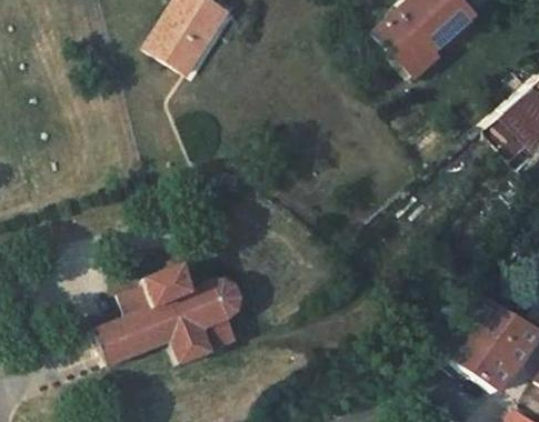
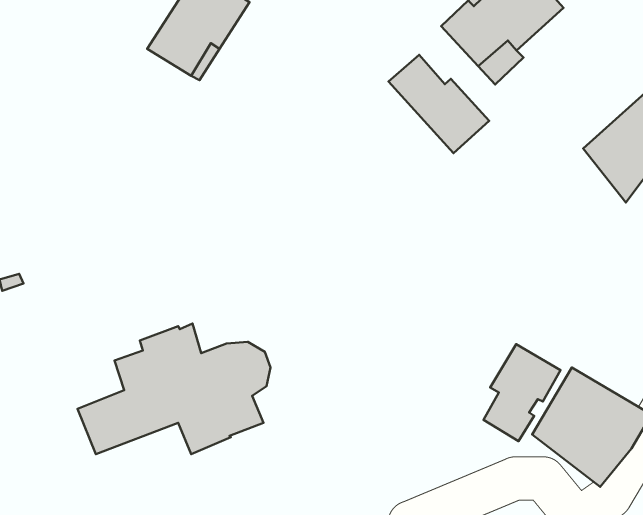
building: none -> [388,55,489,153]
building: none -> [484,344,561,441]

